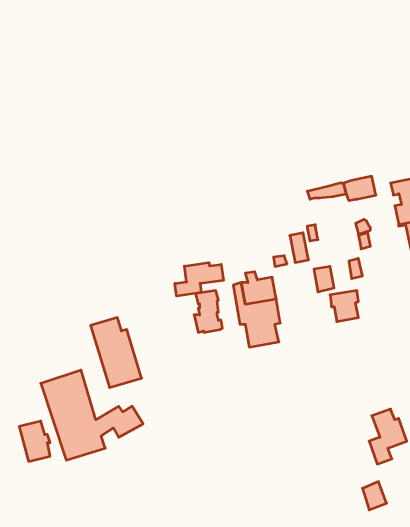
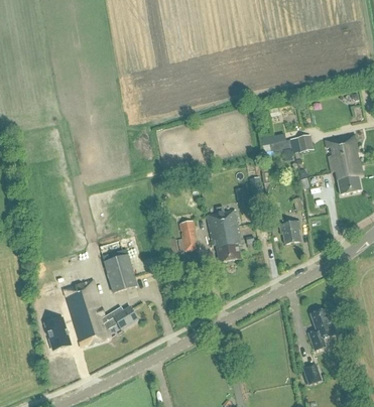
building: [175,263,223,296] -> none

